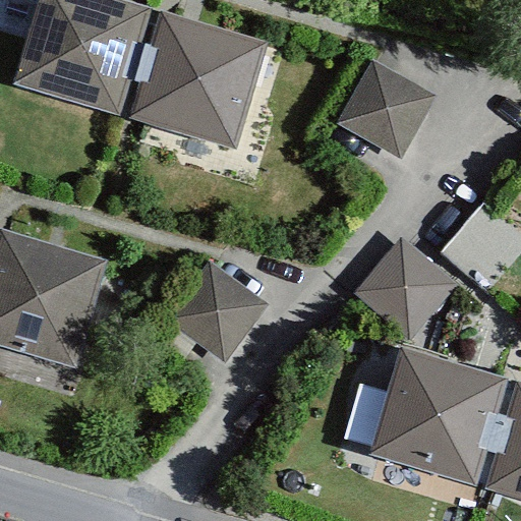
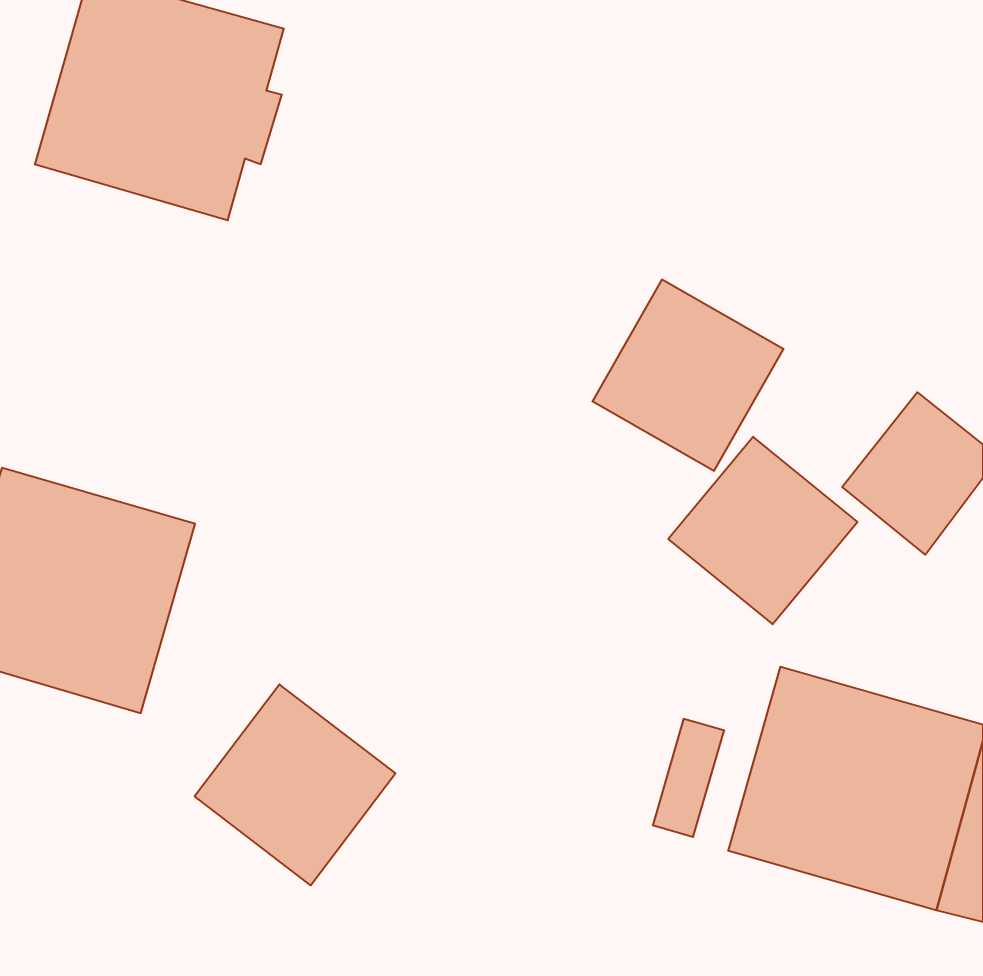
building: [137,19,270,149] -> none
building: [335,56,436,157] -> [592,280,784,471]
building: [161,255,267,361] -> [195,684,395,885]

